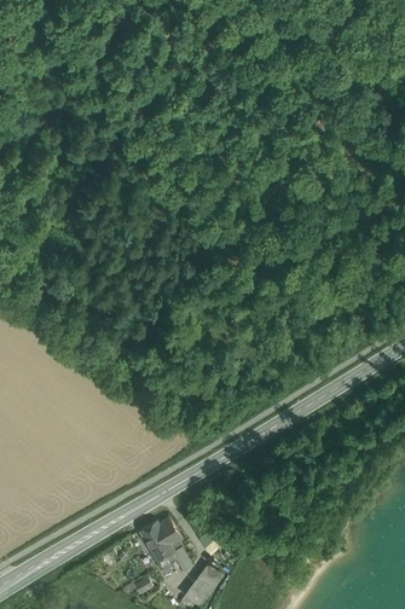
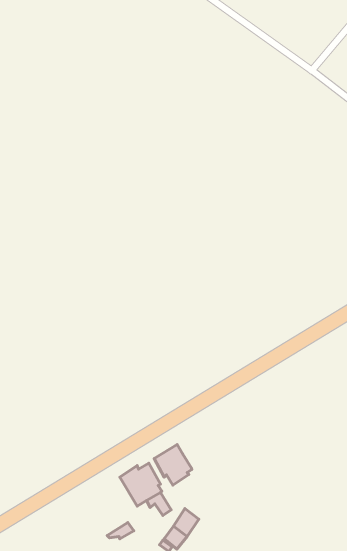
building: none -> [154,445,192,485]

